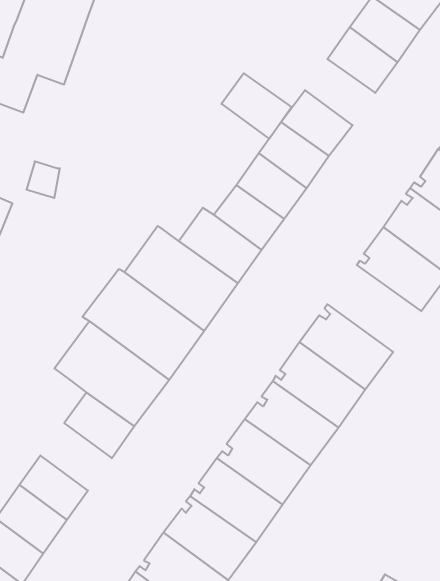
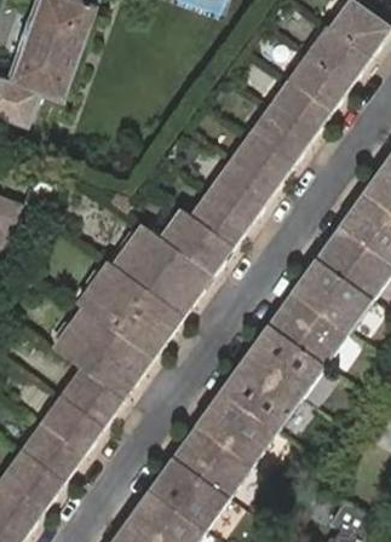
building: [221,73,291,139] -> [271,81,332,138]
building: none -> [291,259,372,334]
building: none -> [42,396,104,454]

